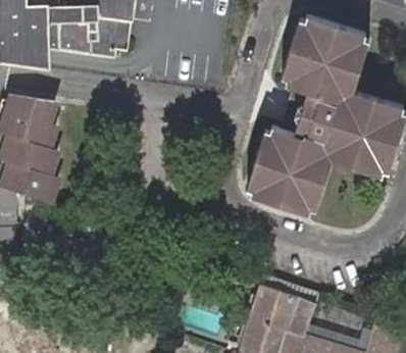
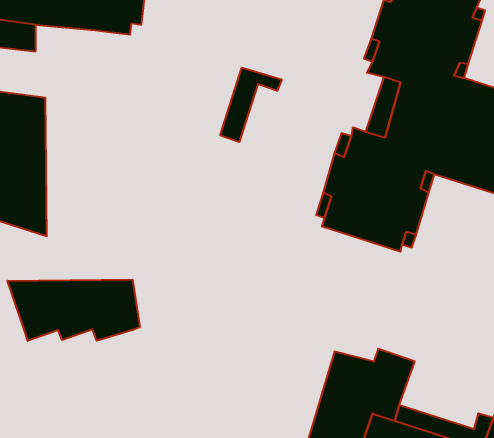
building: none -> [220,68,282,142]
building: none -> [7,280,140,341]

